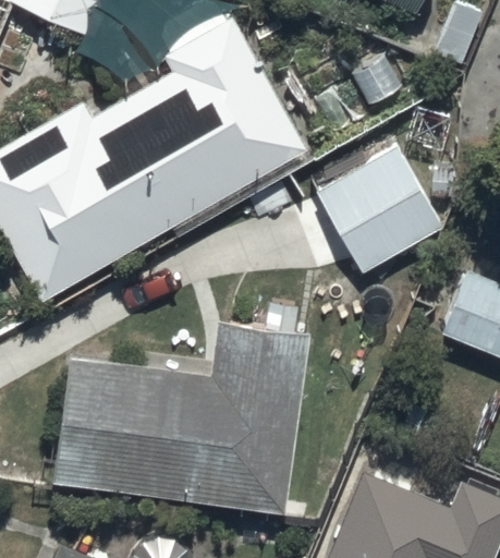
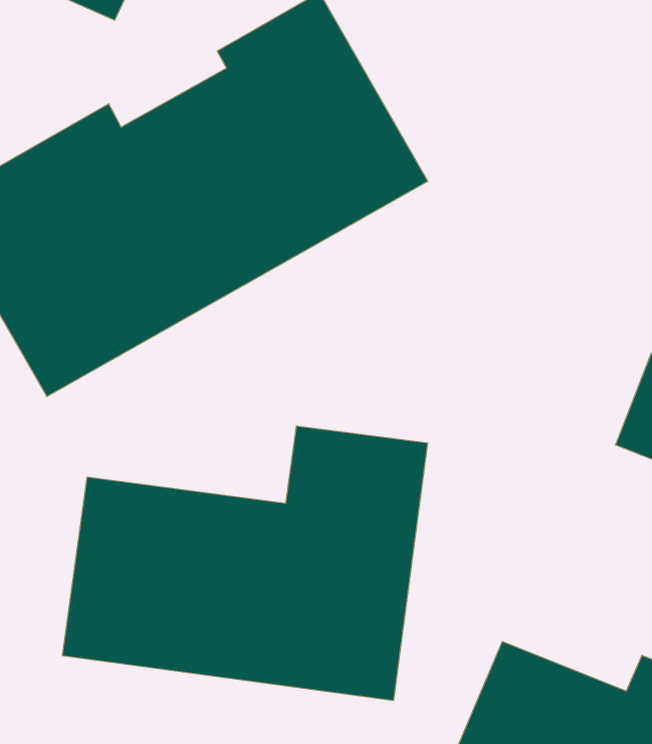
building: [316,147,442,274] -> none

